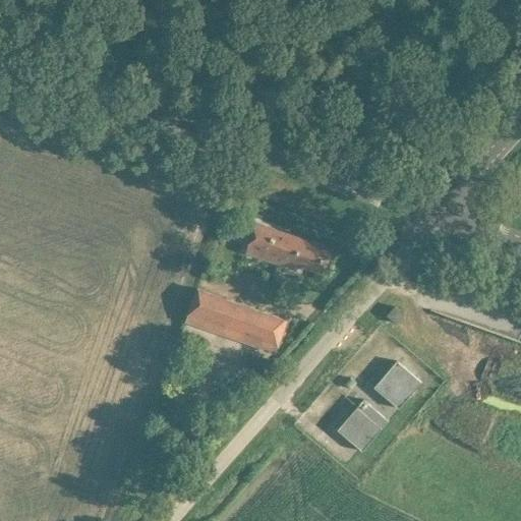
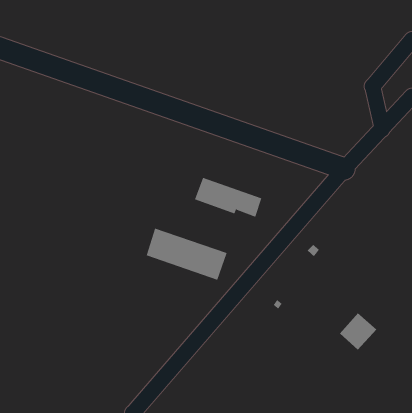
building: [372,361,420,409] -> [339,313,377,351]
building: [336,400,387,452] -> none

